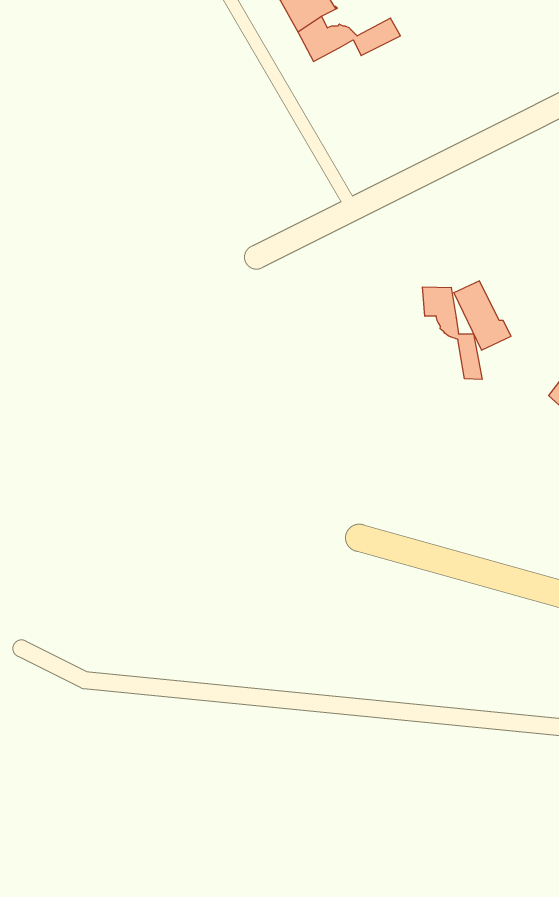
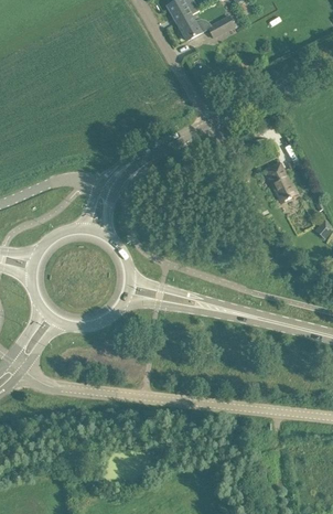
building: [422,287,482,379] -> none

